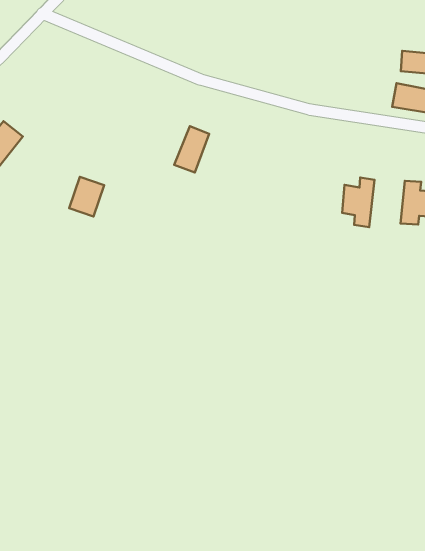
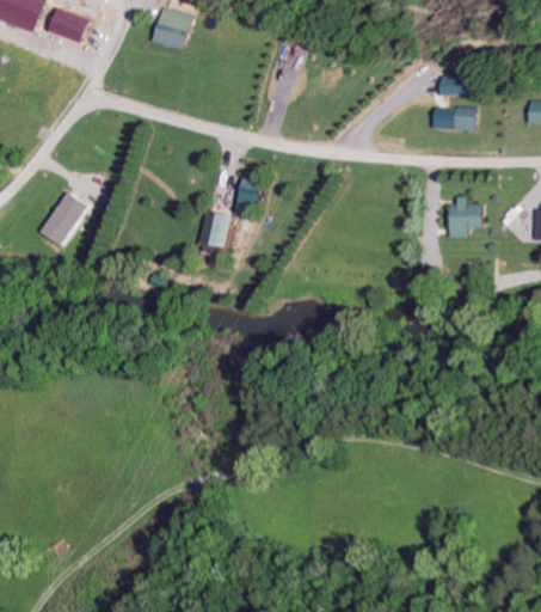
building: [69,177,104,217] -> [201,210,230,246]
building: [342,178,374,227] -> none

